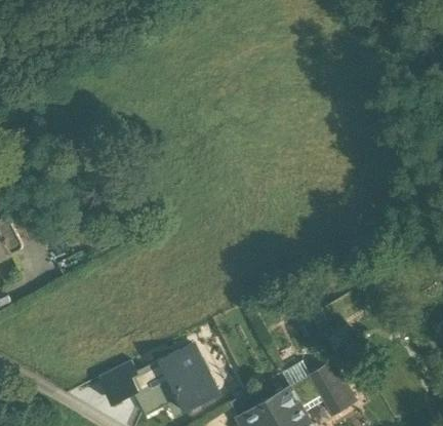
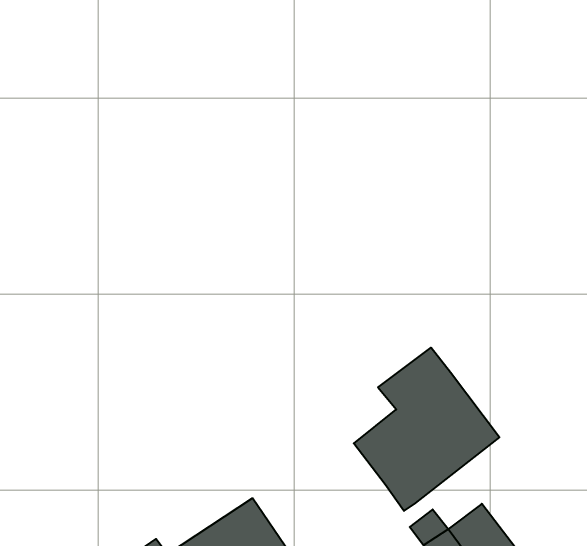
building: none -> [354,348,499,511]

